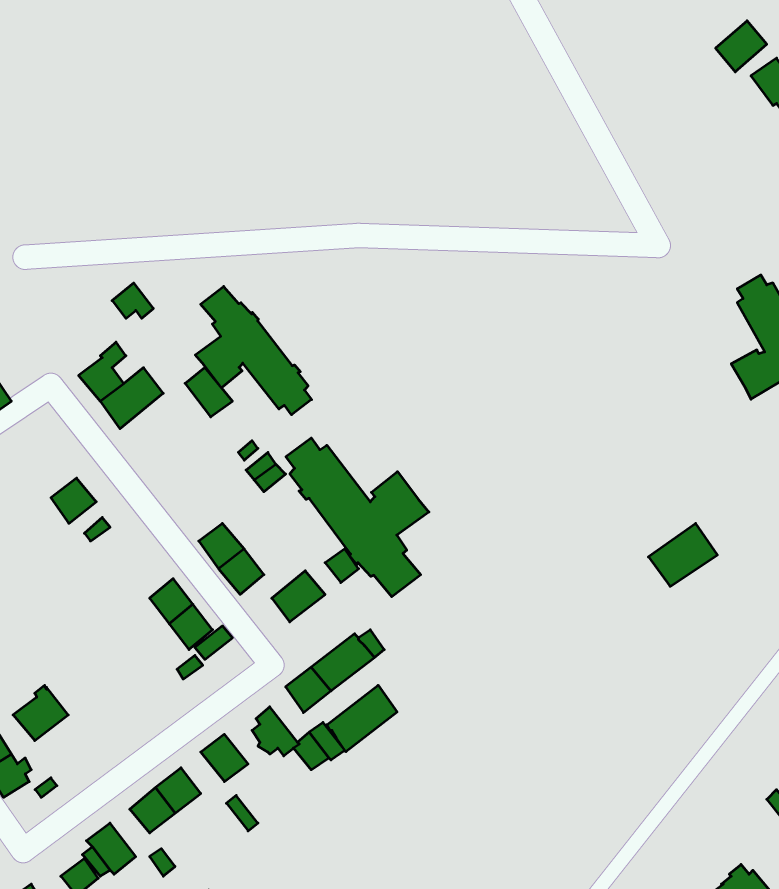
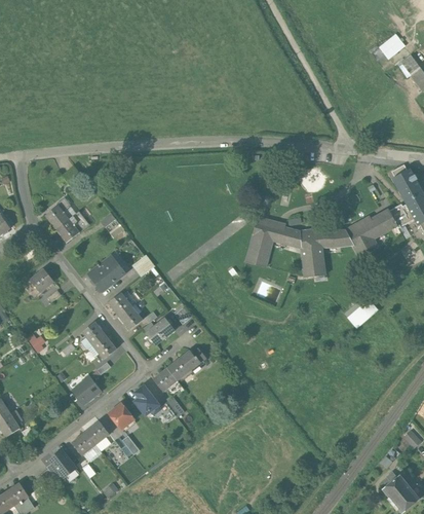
building: [195,286,312,415] -> none
building: none -> [245,209,392,276]
building: [286,438,429,597] -> none
building: none -> [87,255,124,293]
building: [327,685,397,752] -> none
building: [13,685,68,741] -> [72,375,101,404]

